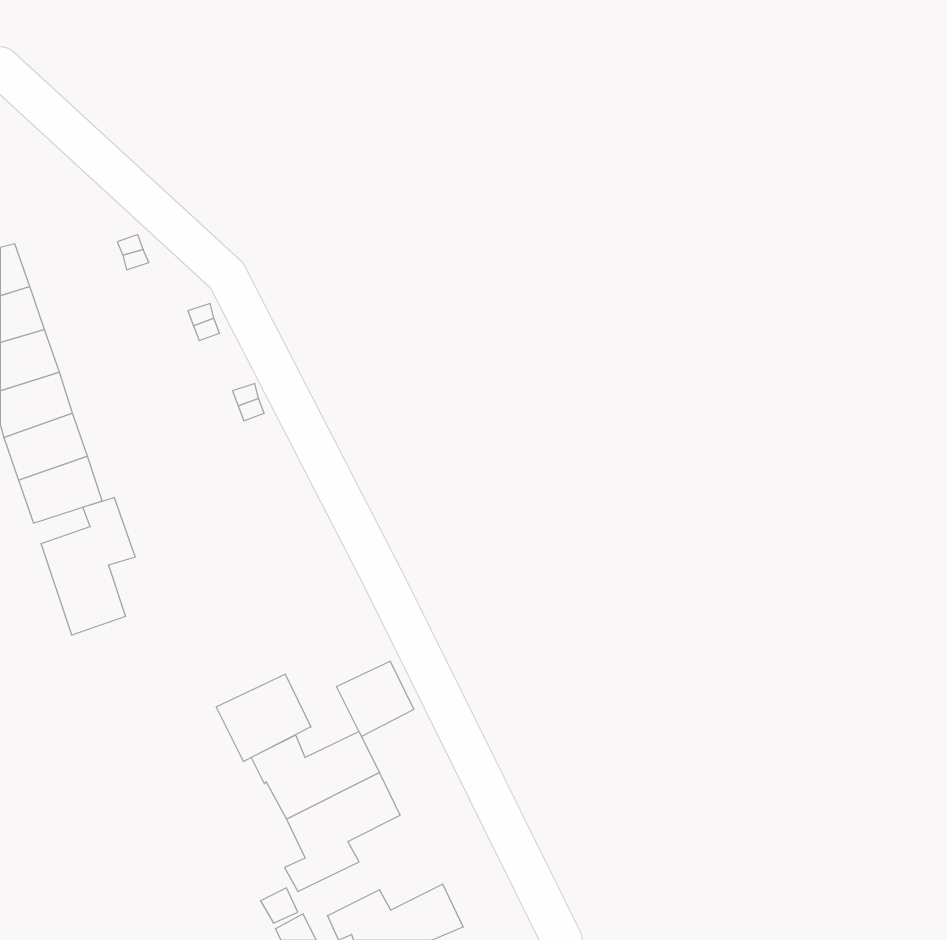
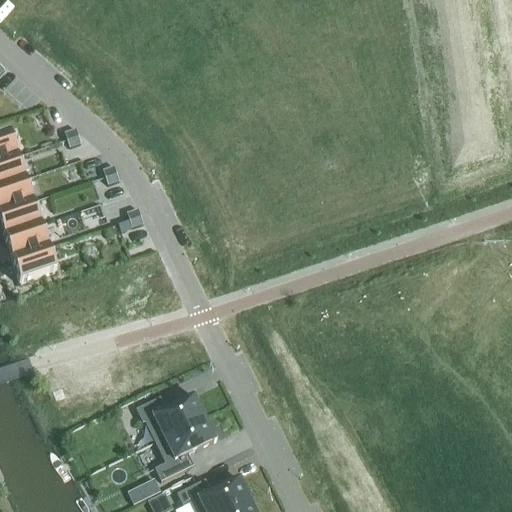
building: [41,497,135,635] -> none
building: [337,661,414,736] -> none
building: [216,674,311,762] -> none

